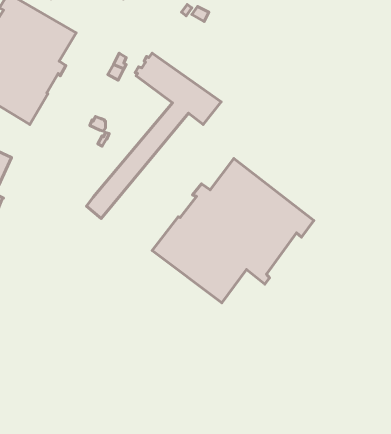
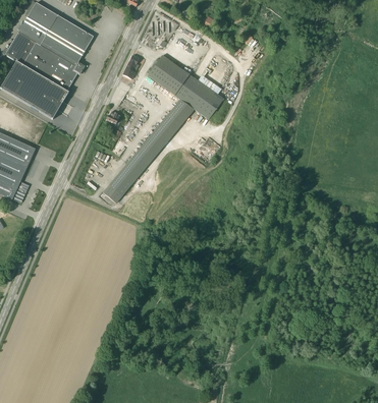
building: [152,158,314,303] -> none

